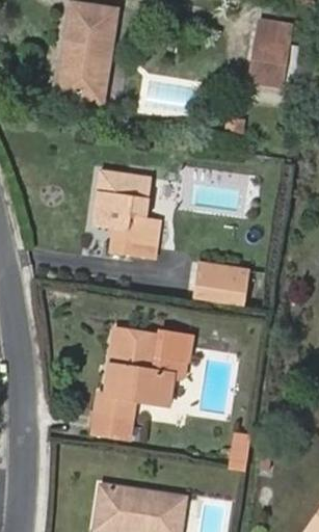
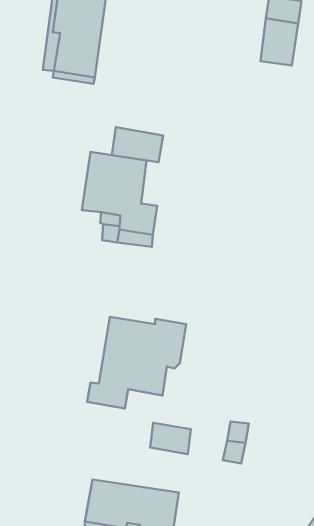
building: none -> [112,127,163,162]
building: [195,260,250,302] -> none
building: [92,408,132,438] -> [150,423,191,454]

